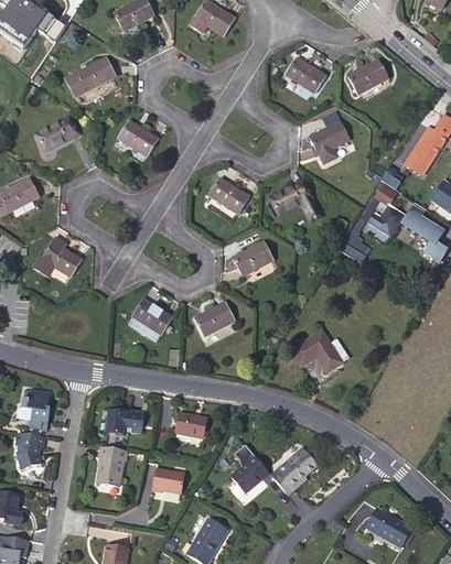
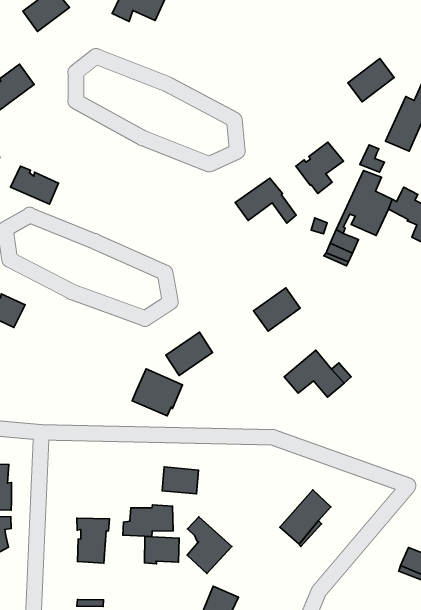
building: [284,57,325,93] -> none
building: [347,59,387,94] -> [348,59,394,102]
building: [117,120,158,155] -> [10,166,58,204]
building: [309,120,350,162] -> [296,142,344,193]
building: [208,177,249,214] -> none
building: [233,241,272,275] -> [253,288,300,331]
building: [128,299,172,340] -> [132,369,183,416]
building: [99,406,144,433] -> [123,505,173,537]
building: [230,444,269,492] -> [187,517,232,574]

